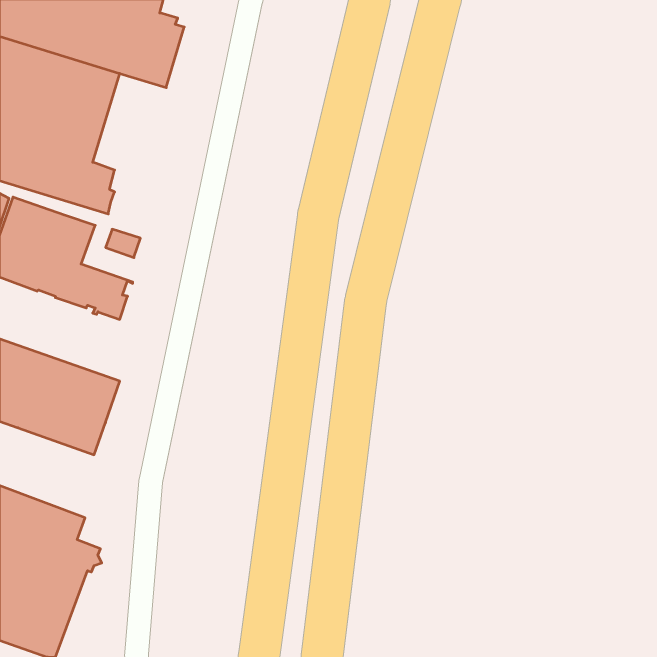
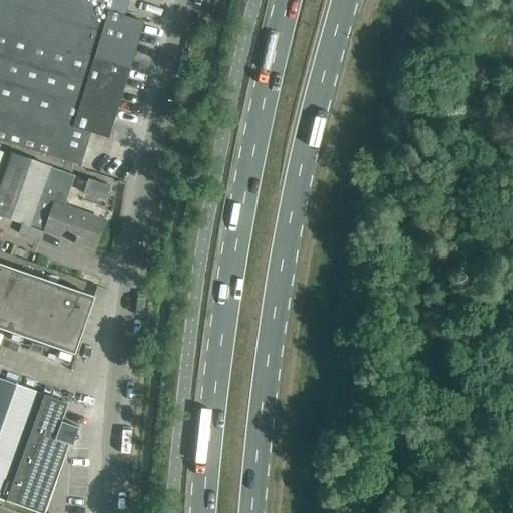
building: none -> [72,57,129,138]

